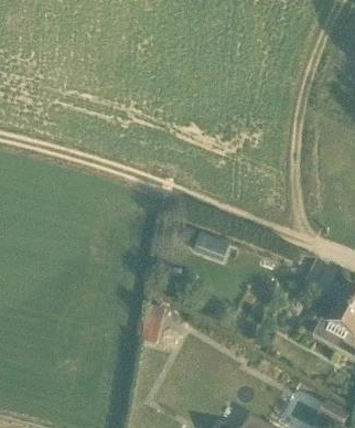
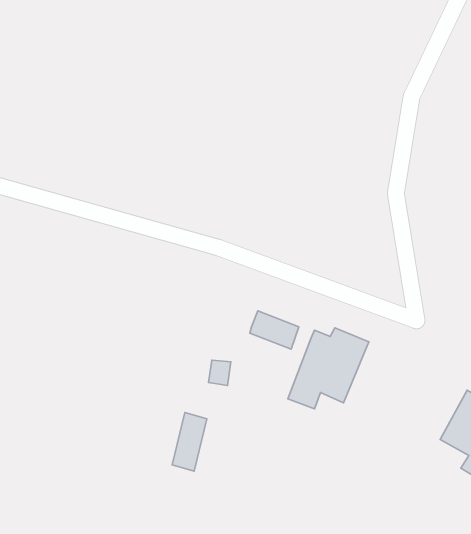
building: none -> [288,328,369,409]

